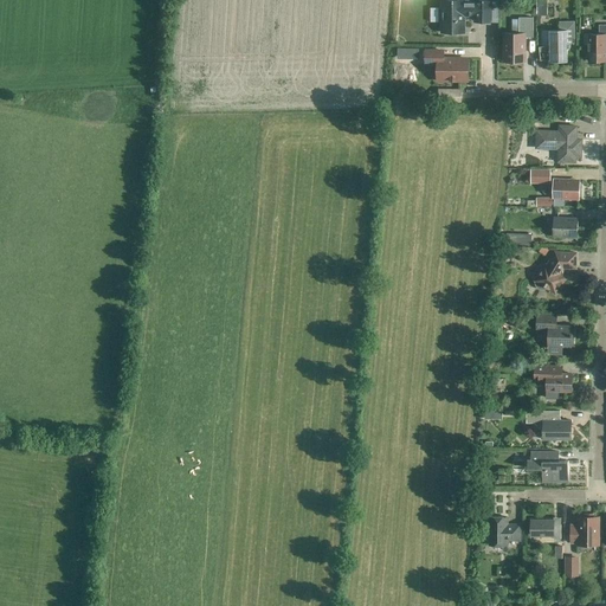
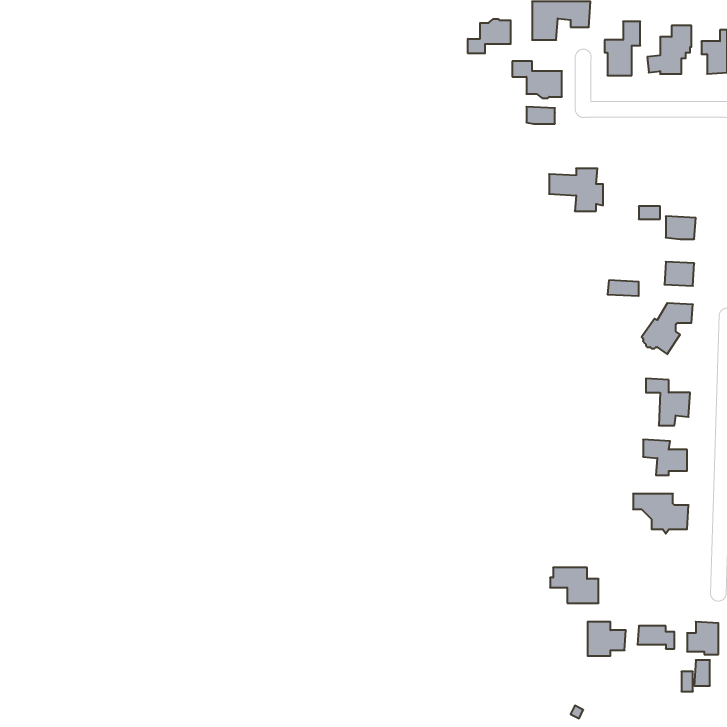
building: none -> [468,19,511,53]
building: [536,127,581,162] -> [549,168,603,211]
building: [528,452,568,482] -> [550,568,599,603]

